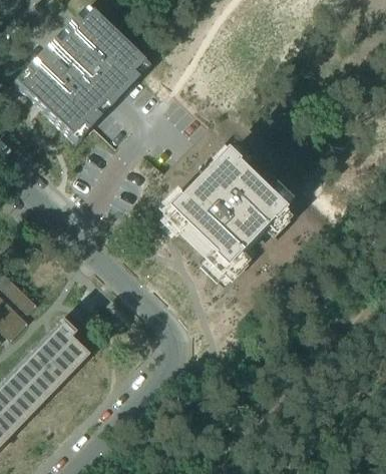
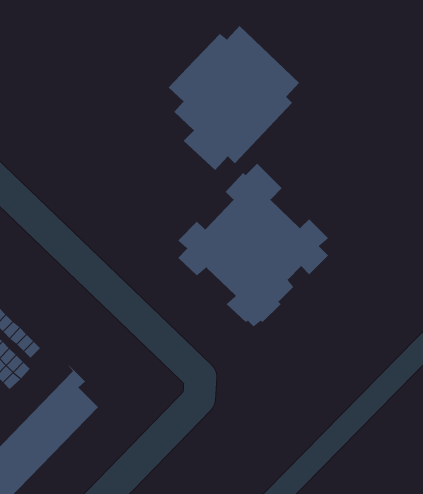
building: [29,10,143,136] -> [168,25,300,171]

